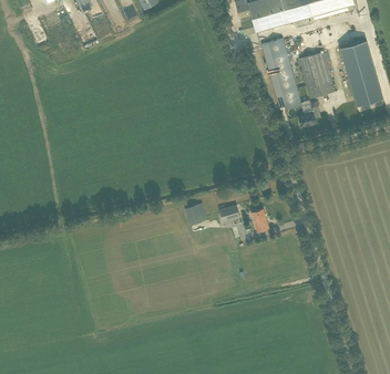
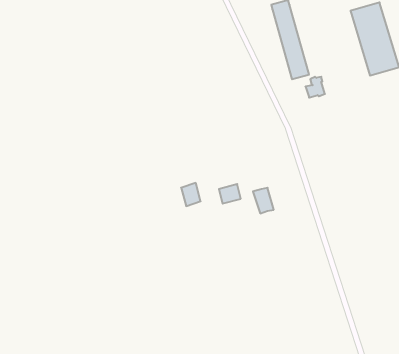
building: [297,52,333,100] -> none

